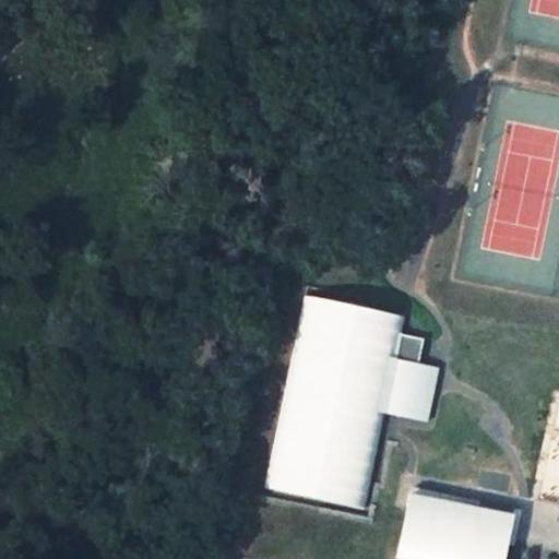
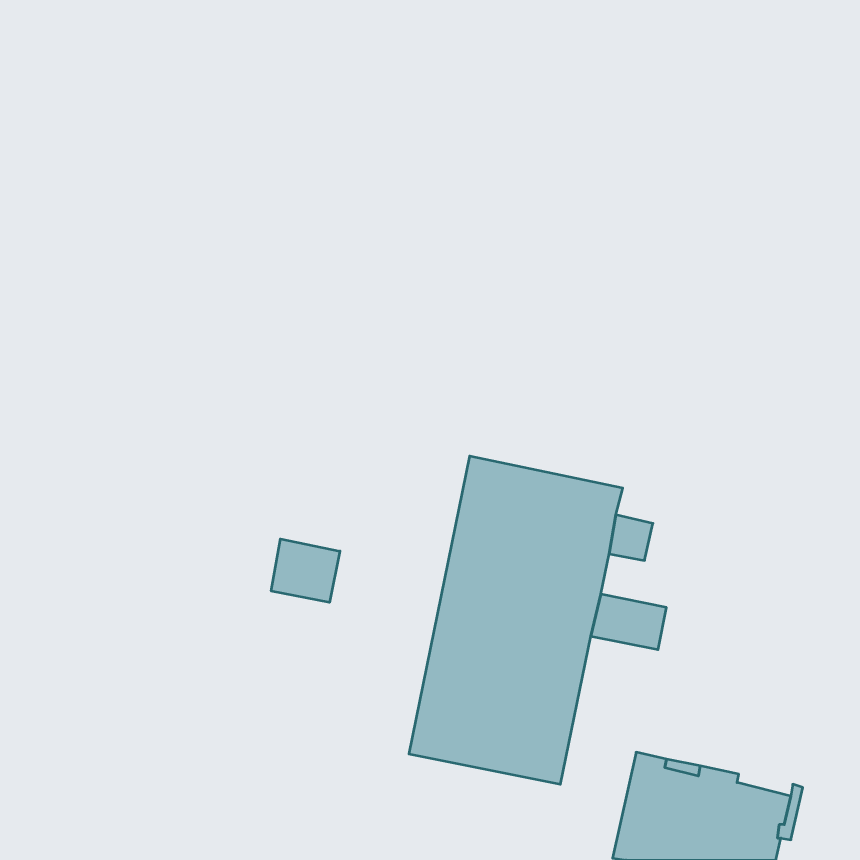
building: none -> [271,539,340,602]
building: [390,359,438,394] -> none

